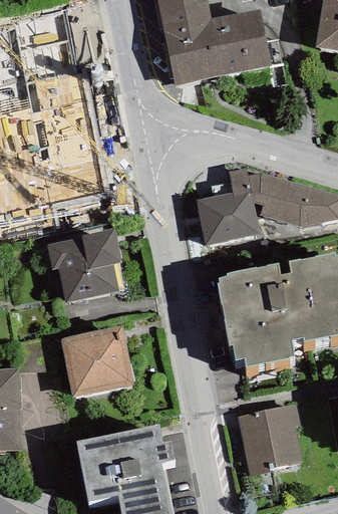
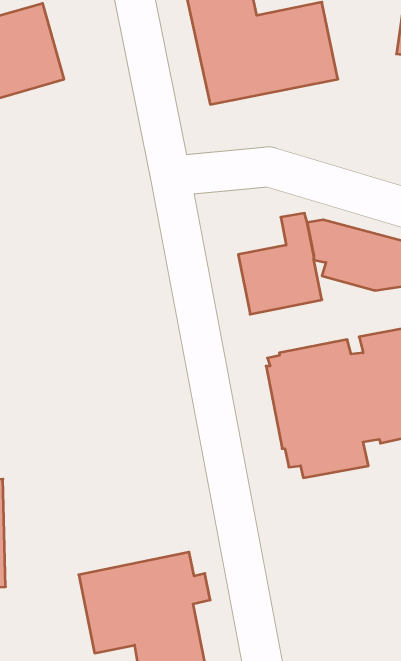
building: [46,232,120,303] -> none
building: [59,326,133,399] -> none
building: [236,405,301,476] -> none

